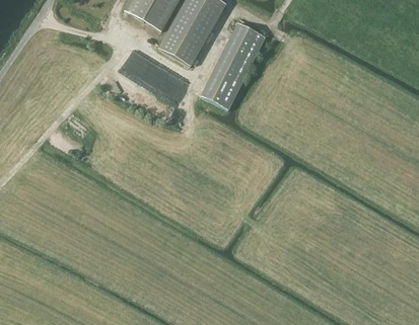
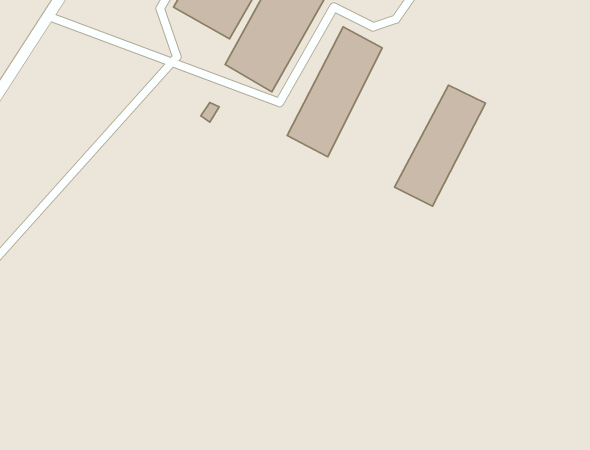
building: none -> [395,85,485,206]

